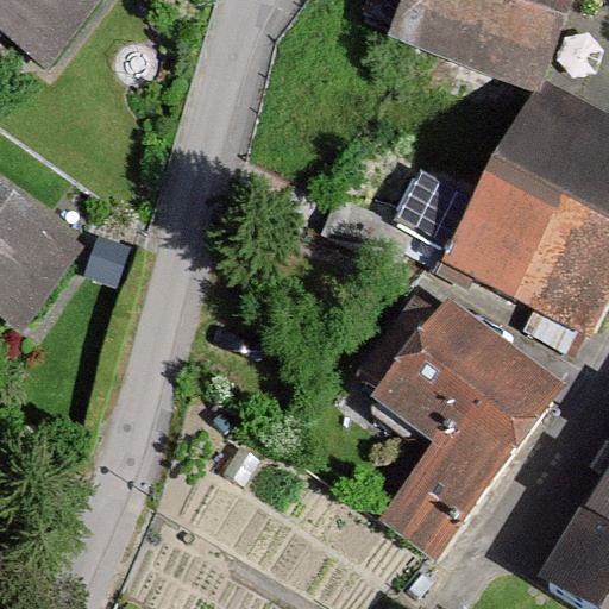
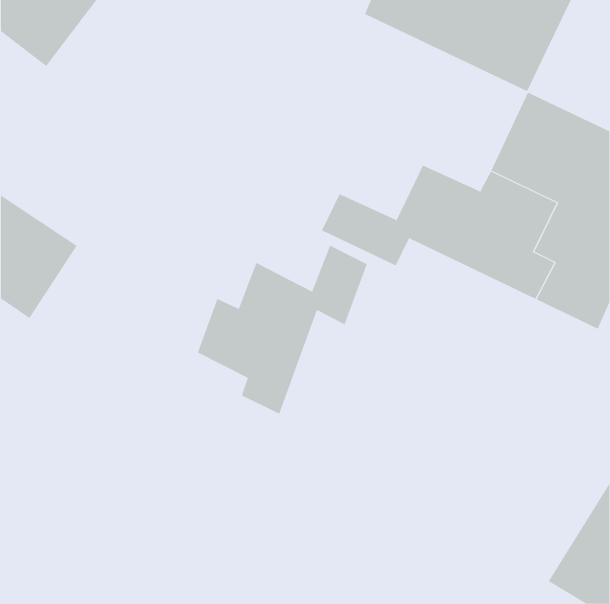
building: none -> [197,245,367,415]
building: [378,310,553,553] -> none

